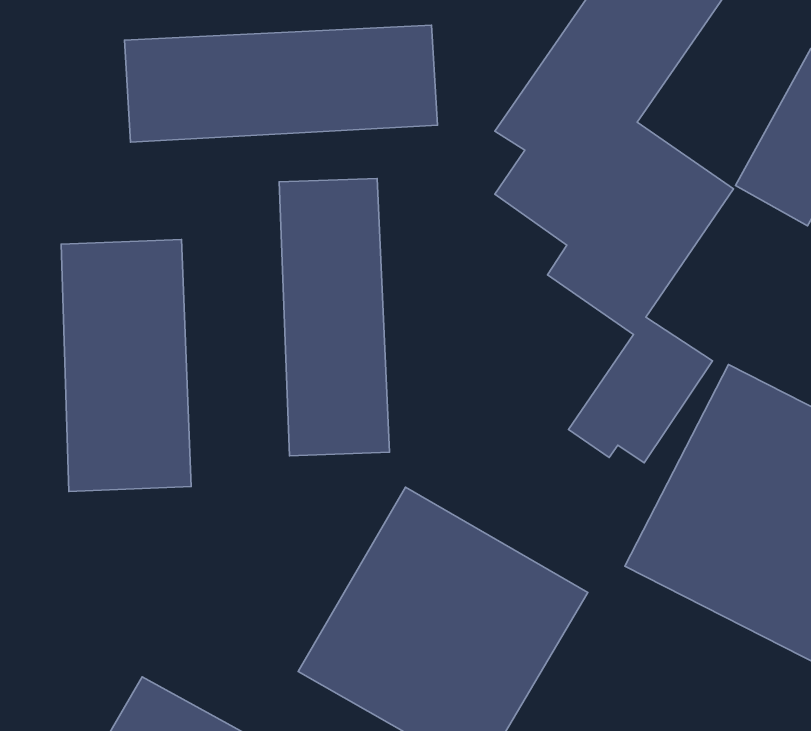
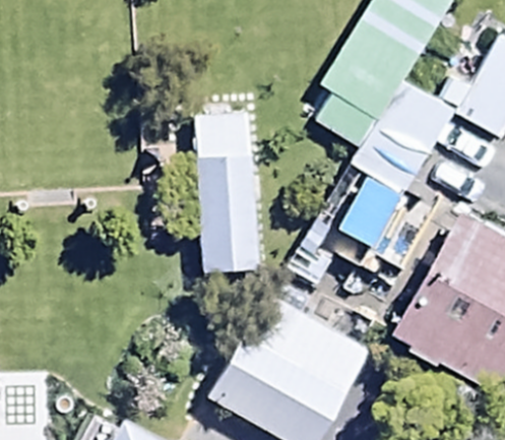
building: [125,25,437,142] -> none
building: [61,239,191,491] -> none

